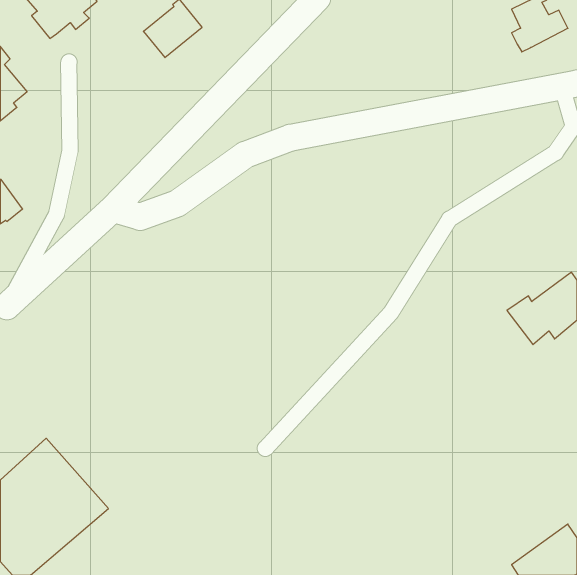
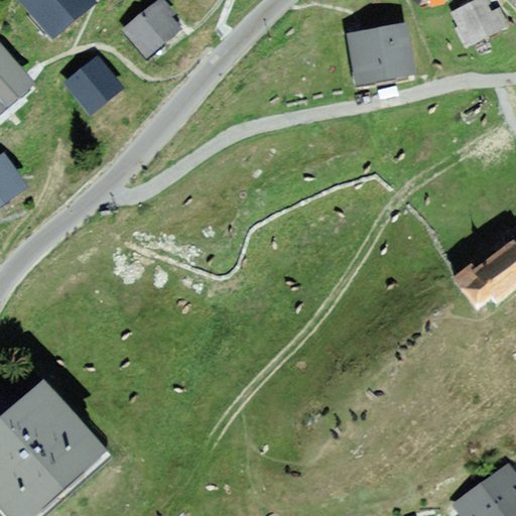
building: none -> [352,19,407,79]
building: none -> [70,61,117,108]

